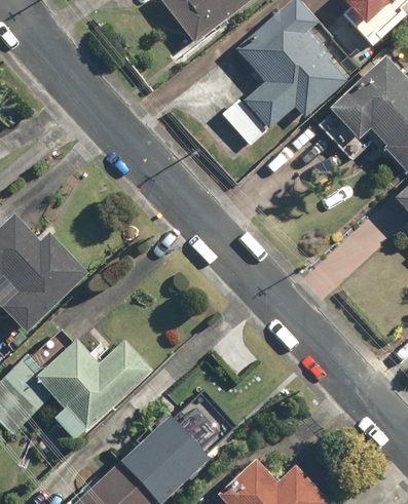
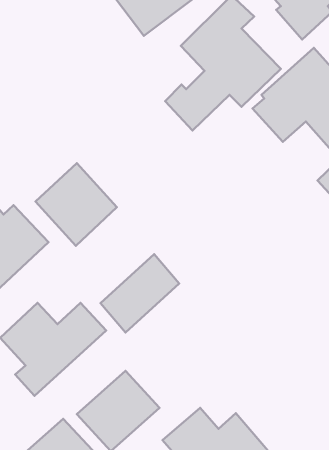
building: none -> [36,163,117,246]
building: none -> [100,254,179,332]

